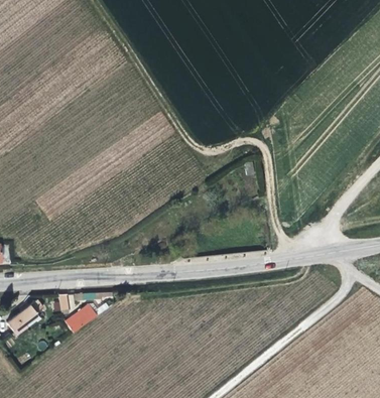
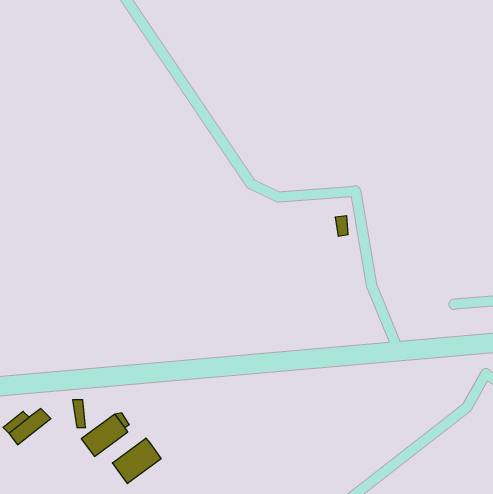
building: none -> [112,438,161,484]

